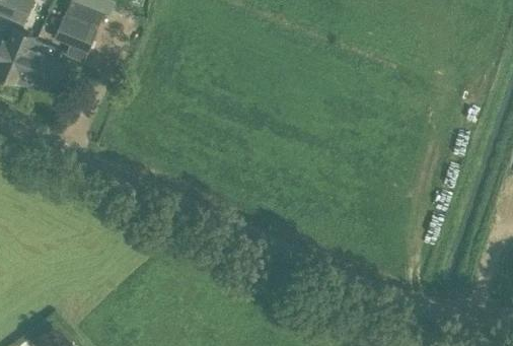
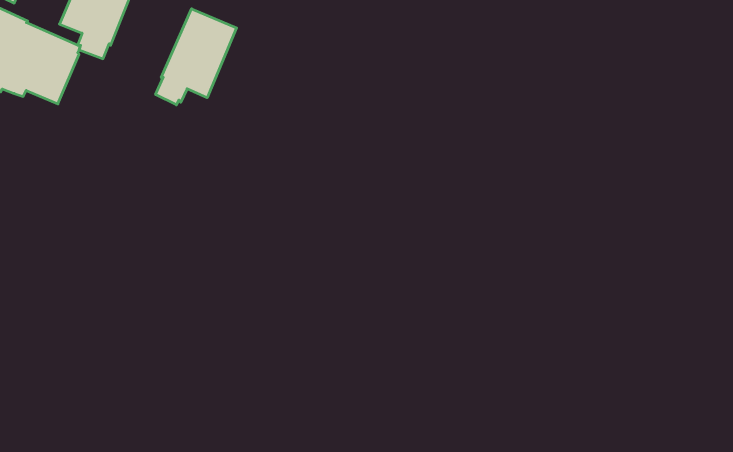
building: none -> [156,9,237,105]

